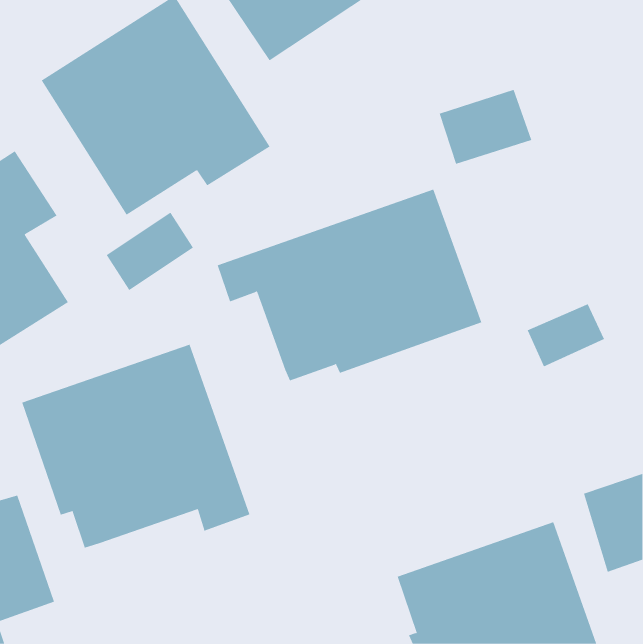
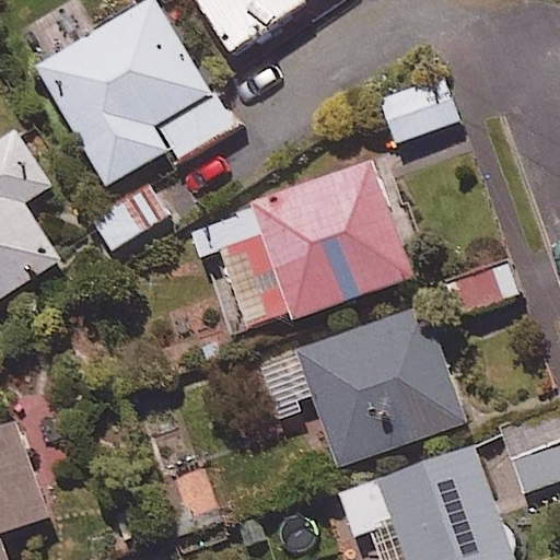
building: [21,344,250,548] -> none
building: none -> [260,306,467,468]

